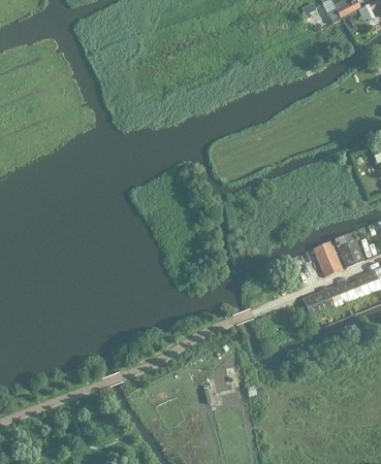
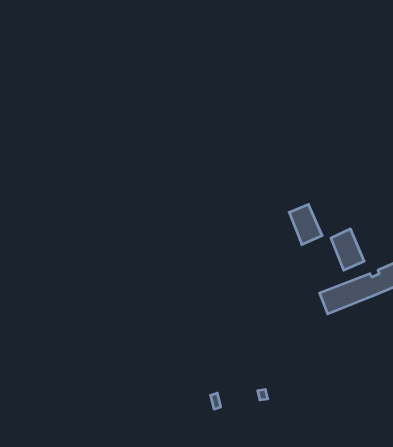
building: [336,230,366,266] -> [289,204,322,245]

